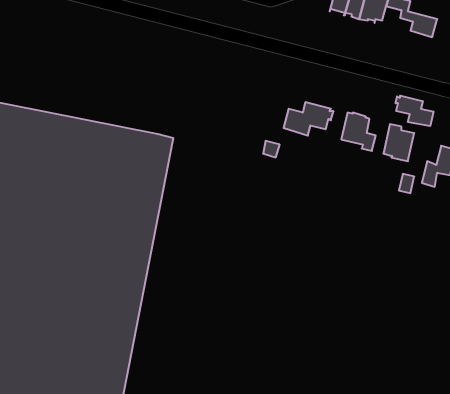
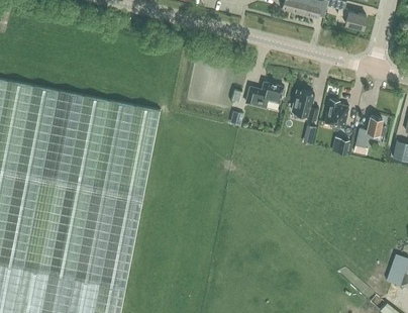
building: [396,96,433,126] -> none

